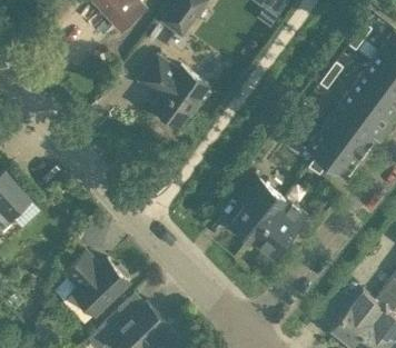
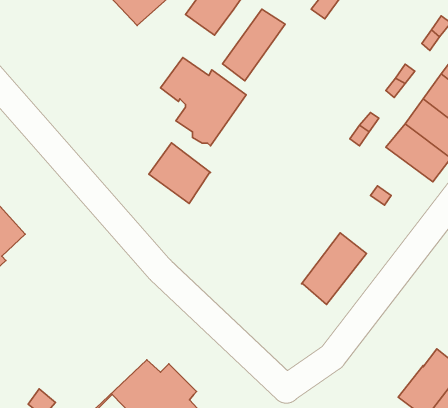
building: none -> [223,9,285,81]
building: none -> [149,143,211,203]
building: [306,130,358,178] -> none
building: [230,173,284,241] -> none
building: [62,253,129,318] -> none

